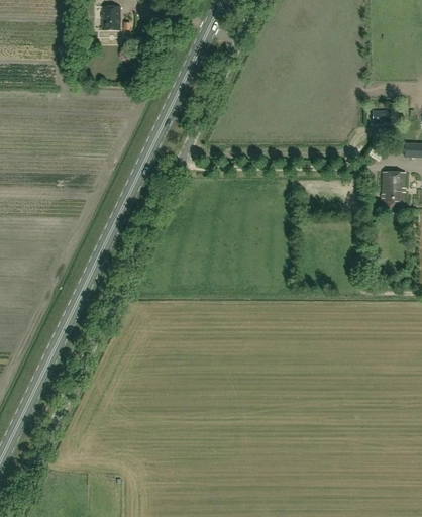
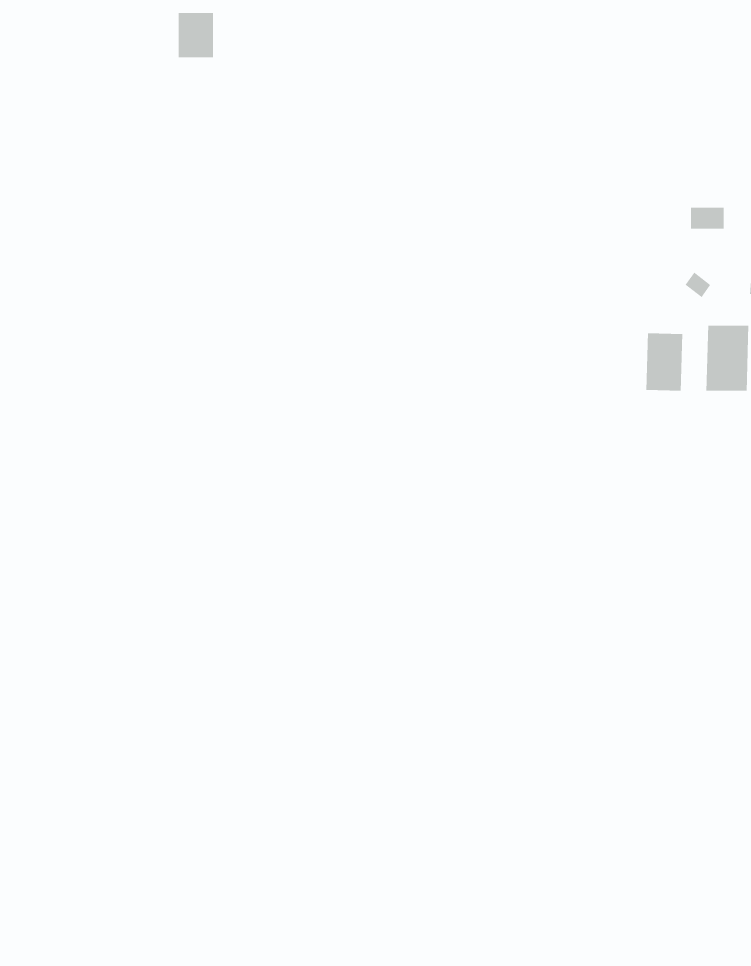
building: none -> [645,332,683,391]

